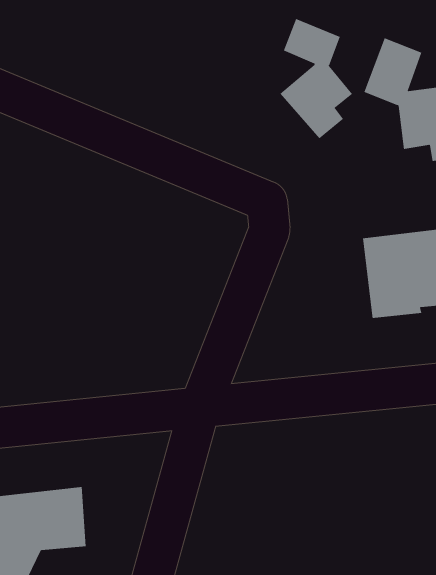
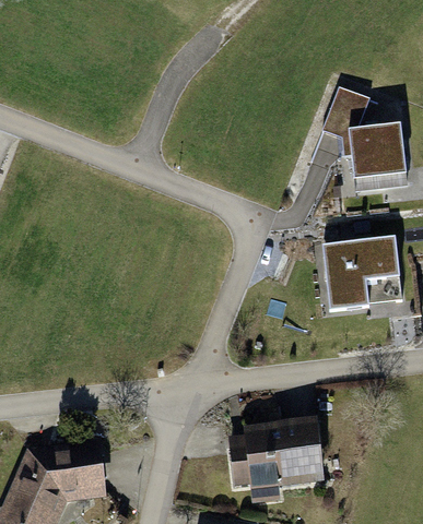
building: [279,18,353,139] -> none
building: none -> [232,419,320,498]

